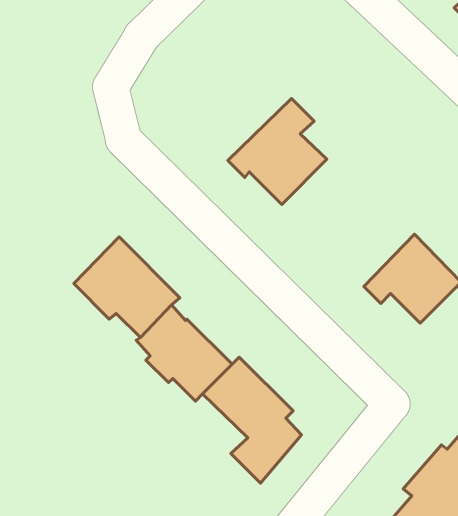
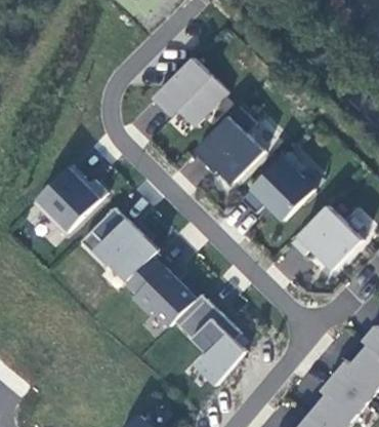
building: none -> [148,54,223,124]
building: none -> [241,150,314,219]
building: none -> [34,164,107,233]

